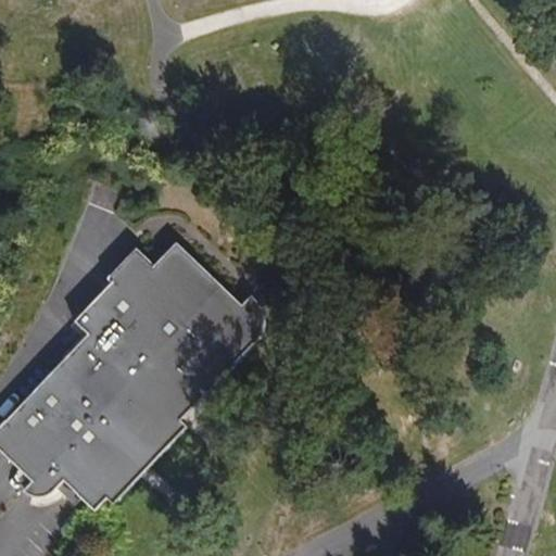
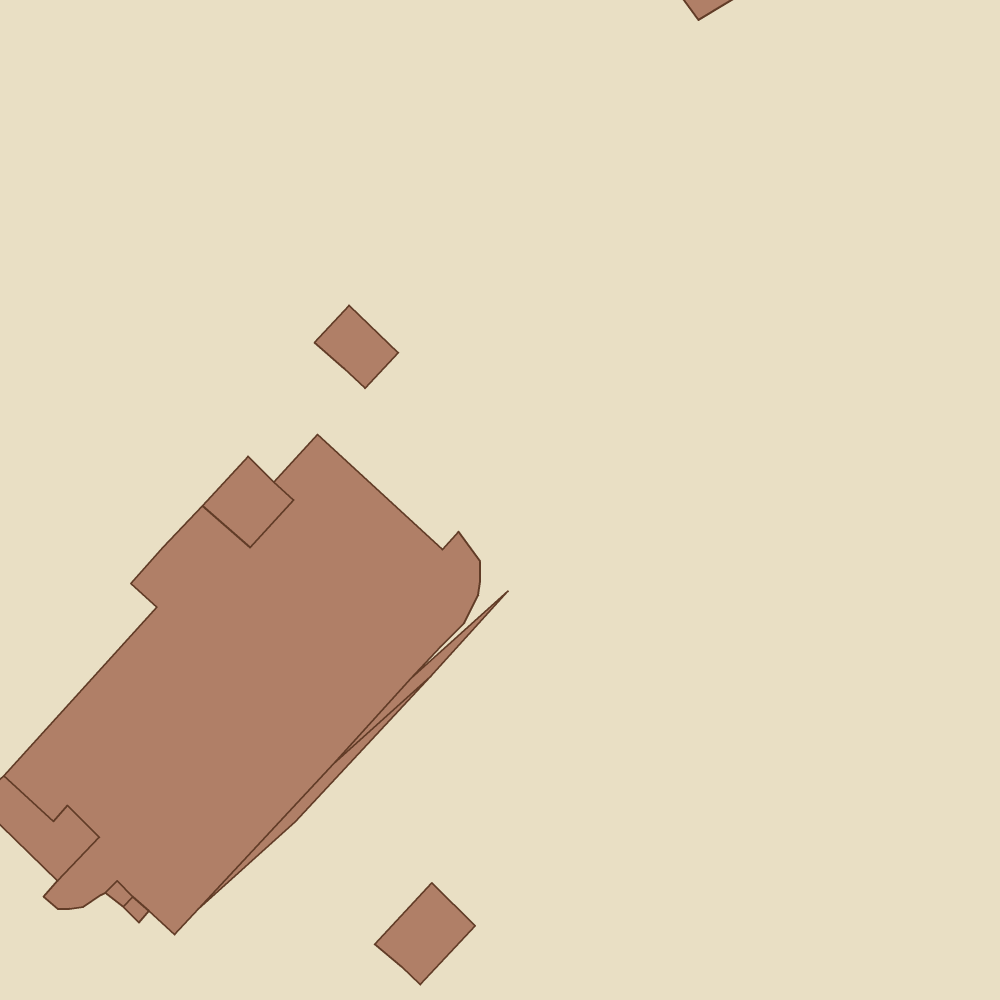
building: none -> [315,305,398,388]
building: none -> [375,883,475,985]

